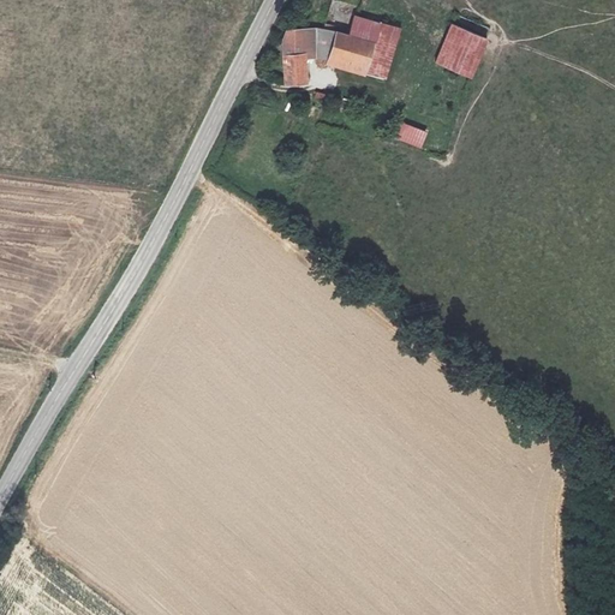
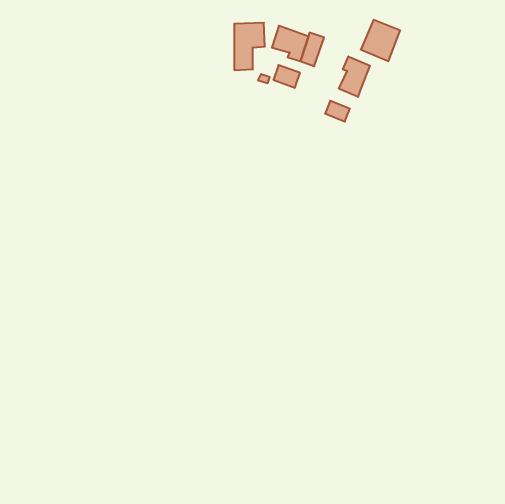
building: [348,17,381,44] -> [273,65,300,88]
building: none -> [339,56,370,97]

